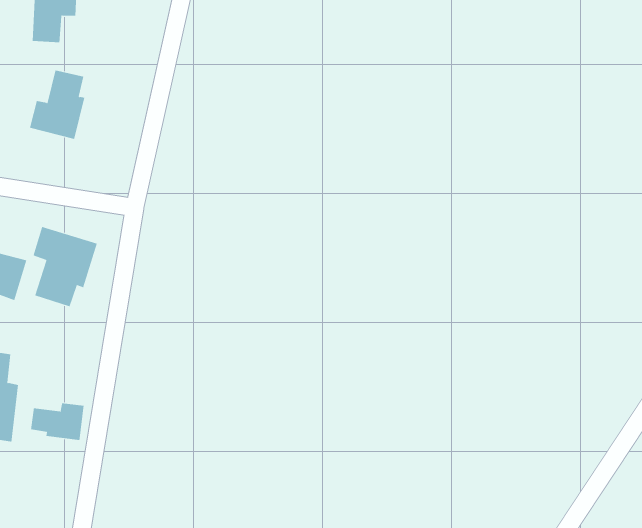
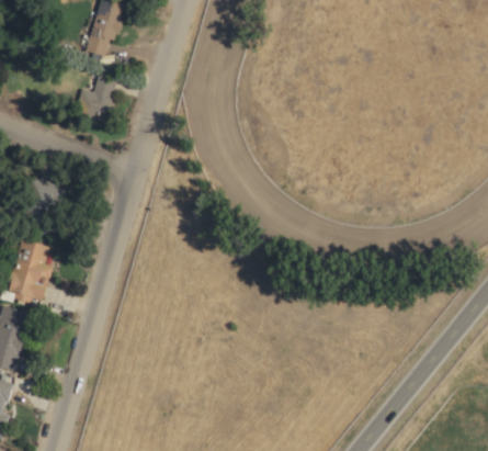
building: [33,226,98,307] -> none
building: [30,403,84,441] -> none

